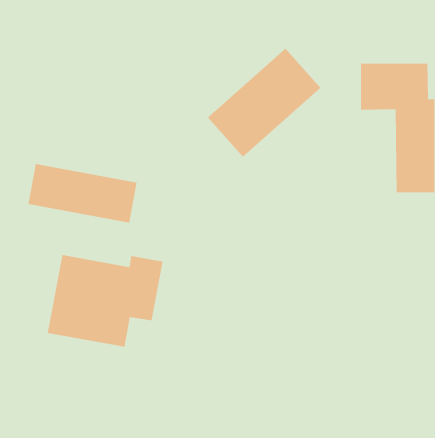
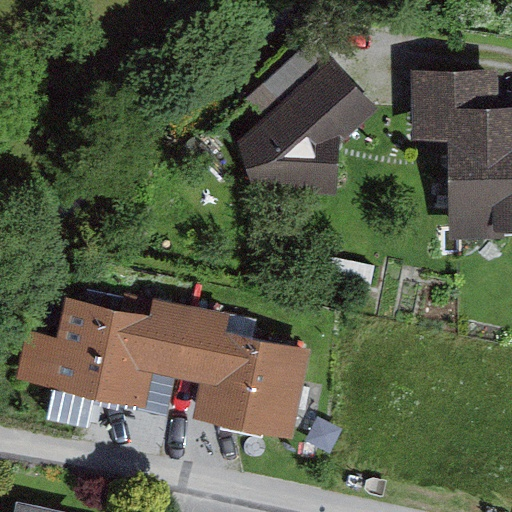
building: [27,163,137,223] -> none
building: none -> [175,308,304,435]

